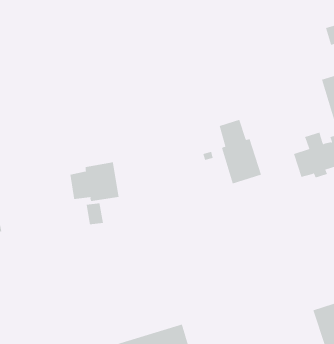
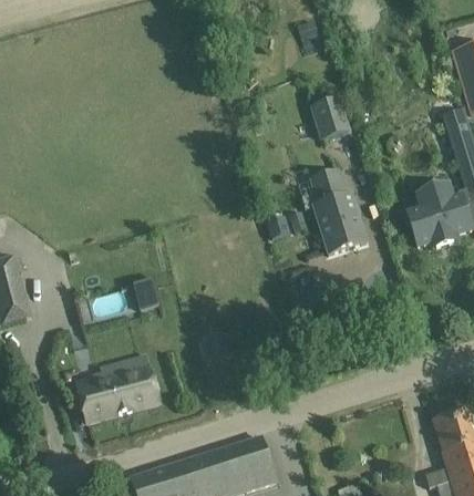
building: none -> [311,97,350,140]
building: [70,161,119,202] -> none
building: none -> [78,355,158,422]

